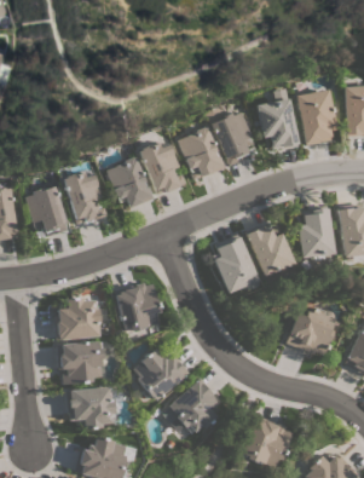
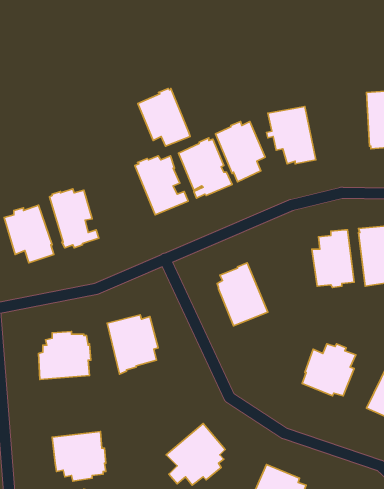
building: [296,88,336,144] -> none
building: [106,156,152,207] -> [138,88,190,146]
building: [244,226,293,276] -> none
building: [57,340,103,384] -> none
building: [132,349,189,399] -> none

